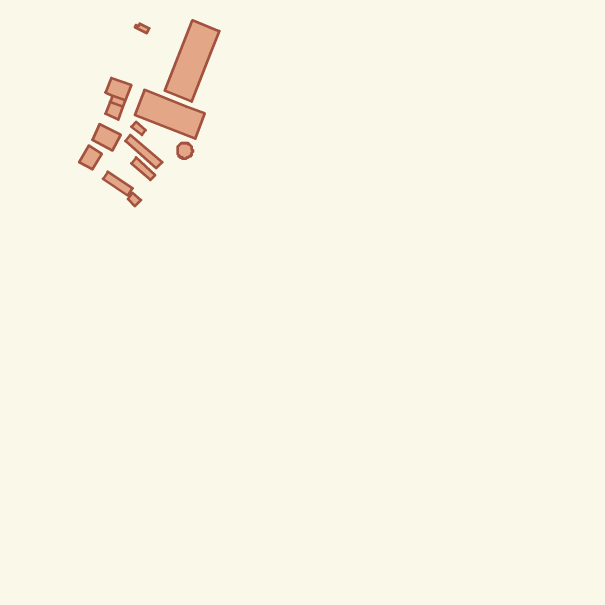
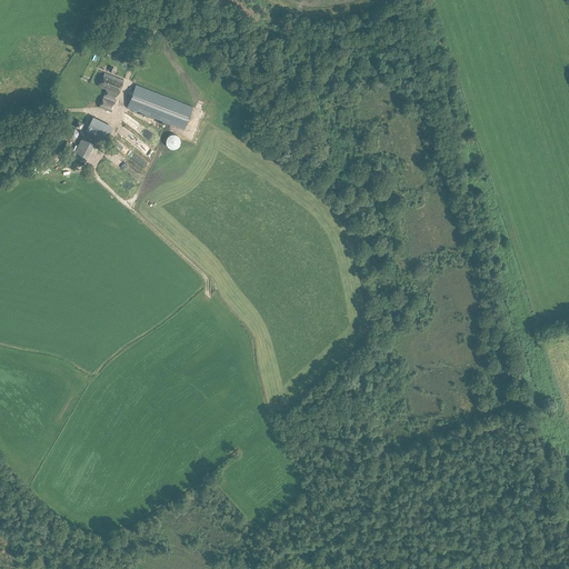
building: [165,20,219,102] -> none

